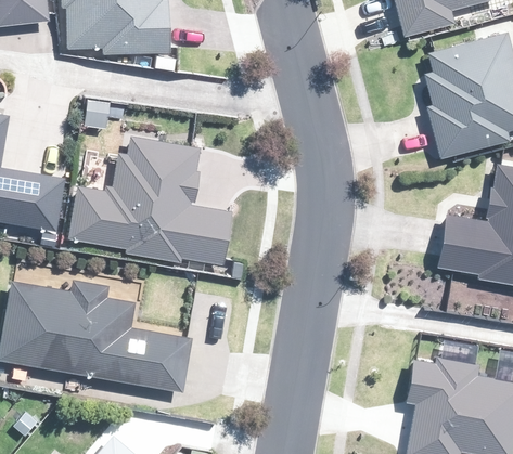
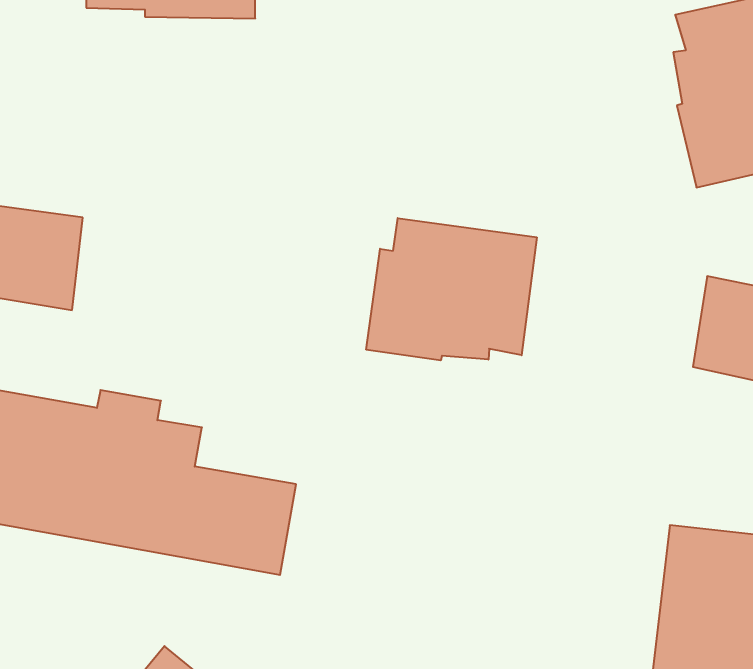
building: [66,138,228,263] -> none
building: none -> [366,218,537,360]

